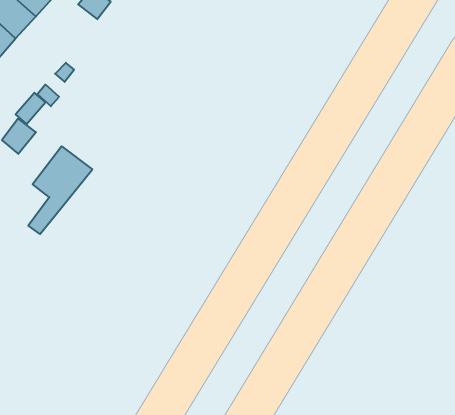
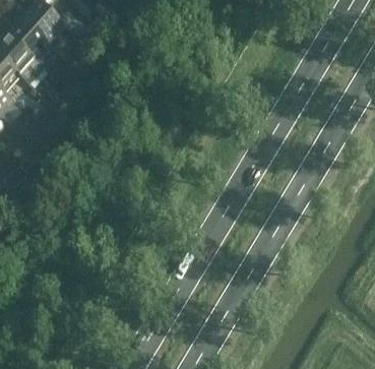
building: [28,146,92,234] -> none

